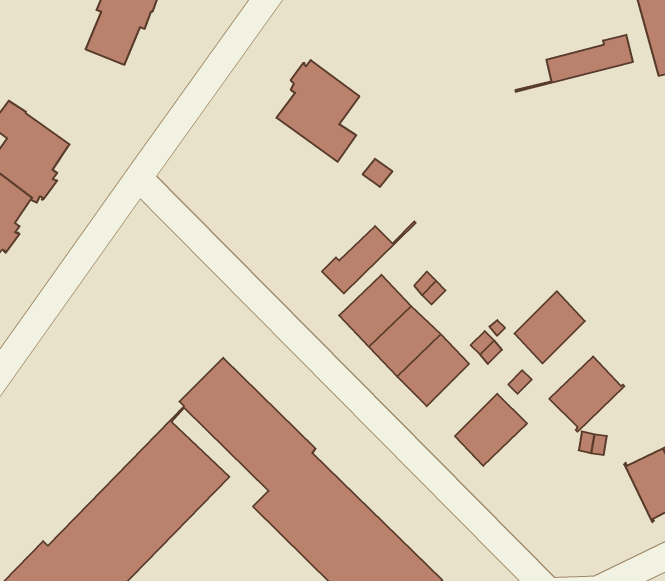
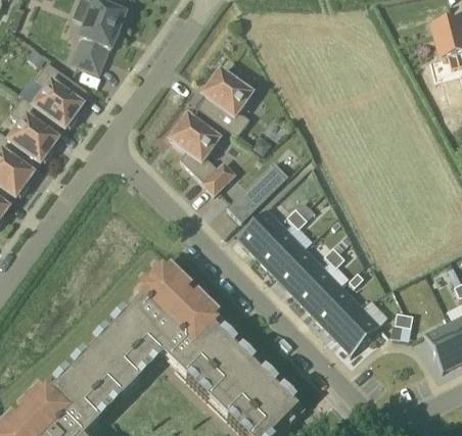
building: [516,35,633,92] -> none
building: none -> [34,62,88,129]
building: none -> [173,115,234,194]
building: [514,291,585,363] -> [295,269,341,316]
building: [549,356,624,432] -> [332,307,381,356]

